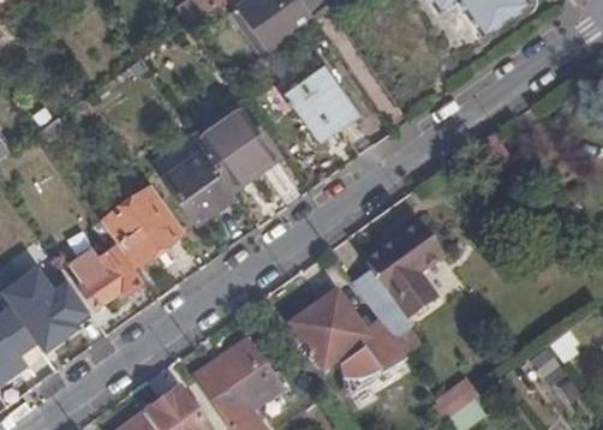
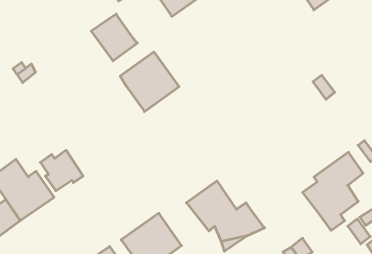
building: [287,70,352,137] -> none
building: [165,151,233,221] -> [91,14,137,61]
building: [105,189,178,263] -> none
building: [350,225,440,341] -> [303,152,363,230]

